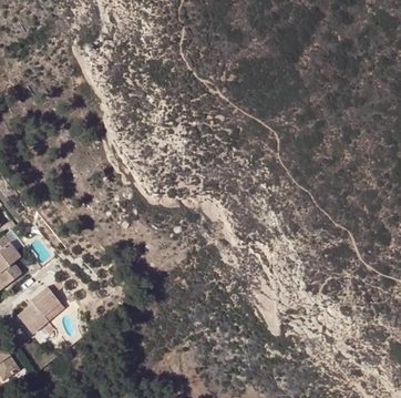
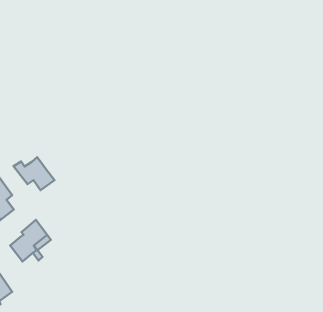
building: none -> [14,157,54,190]

